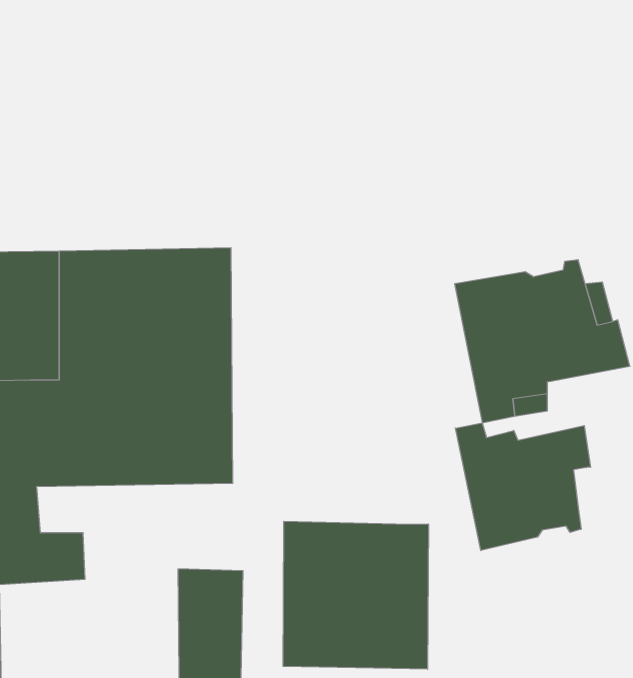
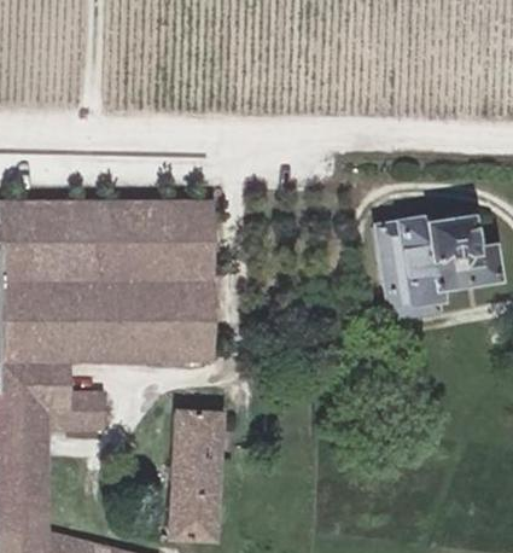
building: [455,423,591,551] -> none
building: [283,521,428,669] -> none

